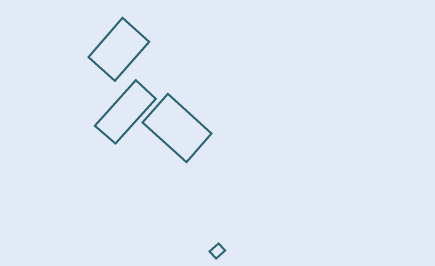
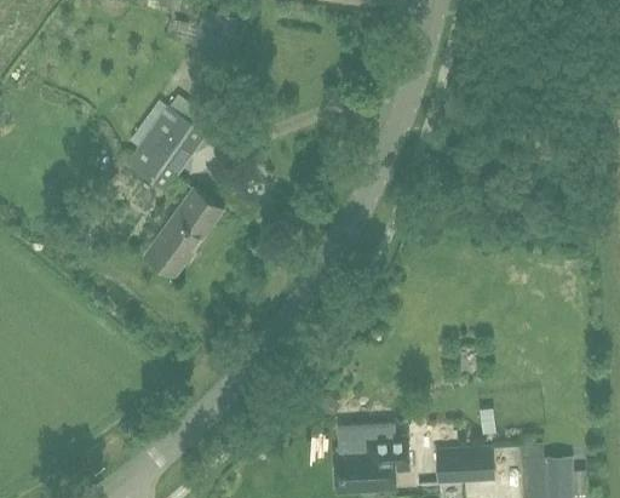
building: [143,94,212,162] -> none

